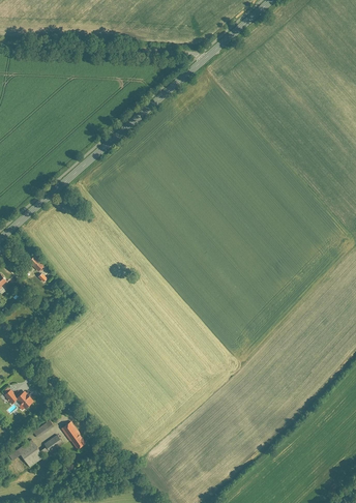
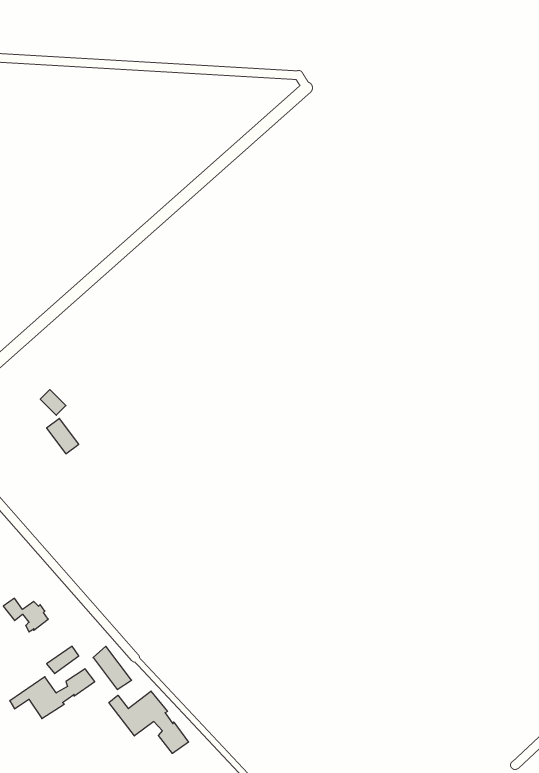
building: none -> [109,691,189,753]

